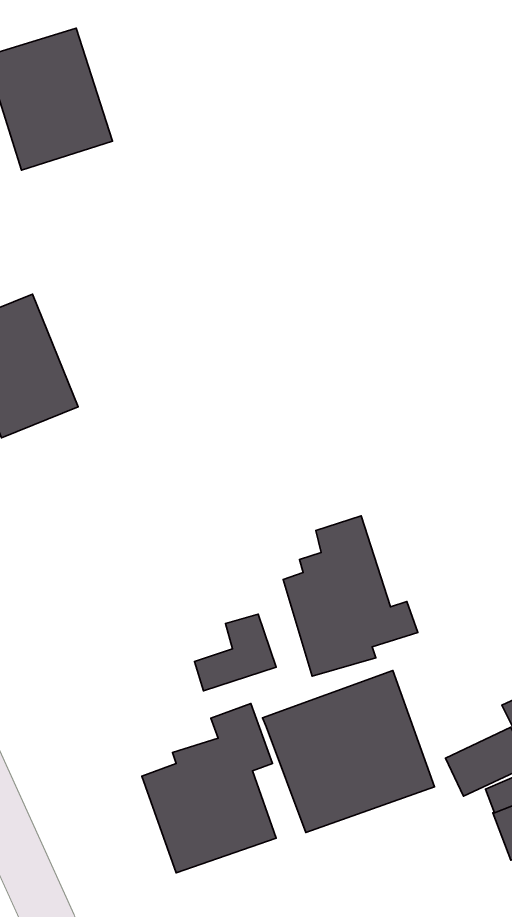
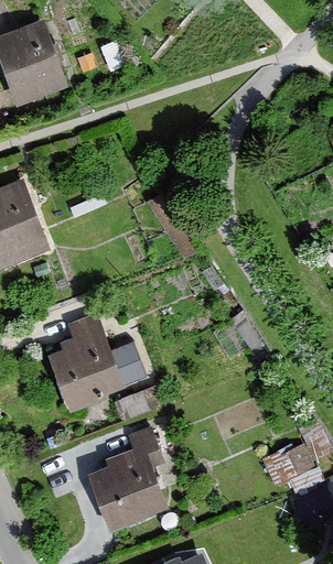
building: [283,516,418,676] -> [51,315,132,412]
building: [262,671,435,833] -> none

